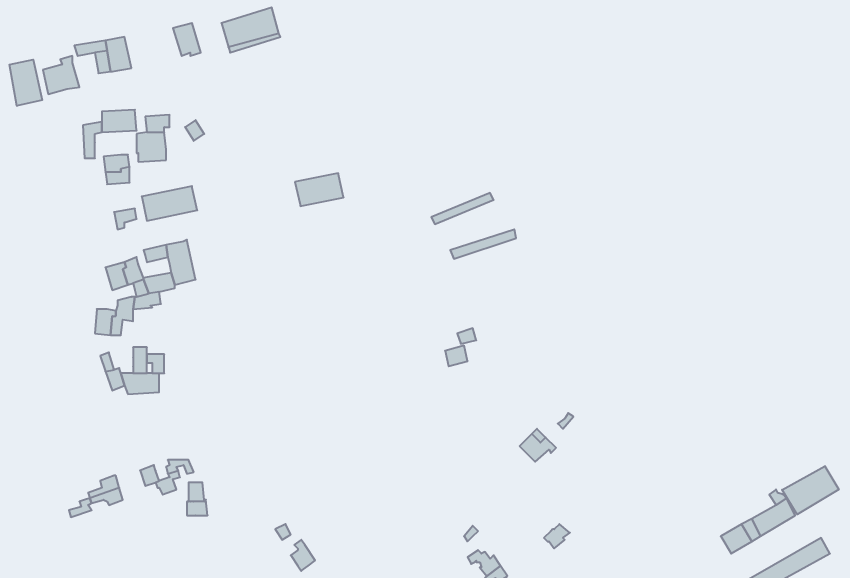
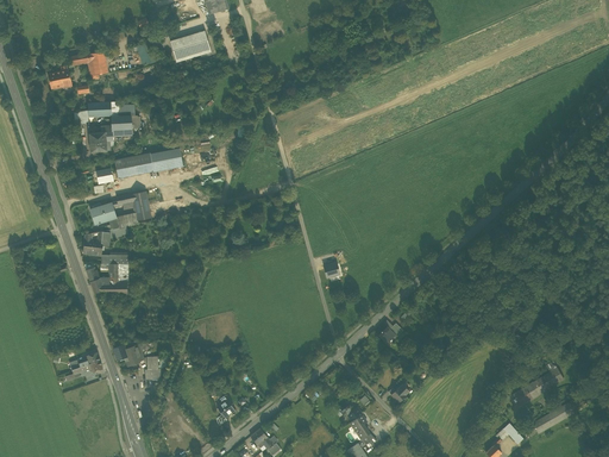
building: [9,60,42,106] -> none
building: [295,173,344,206] -> [149,149,182,171]
building: [782,466,839,514] -> none

